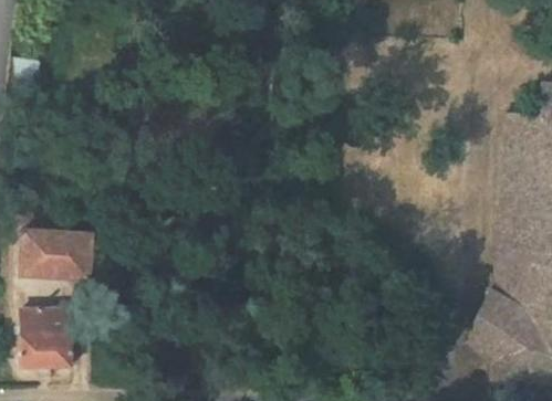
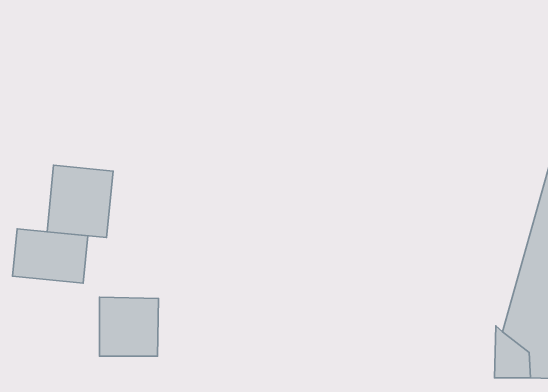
building: none -> [47,165,113,238]
building: [21,315,77,371] -> [100,297,159,356]

